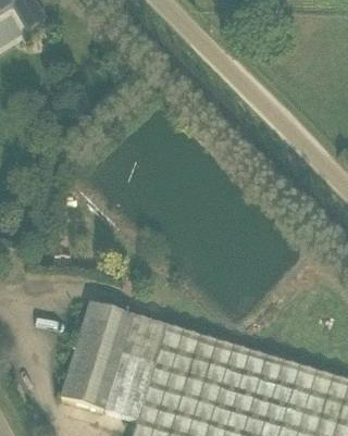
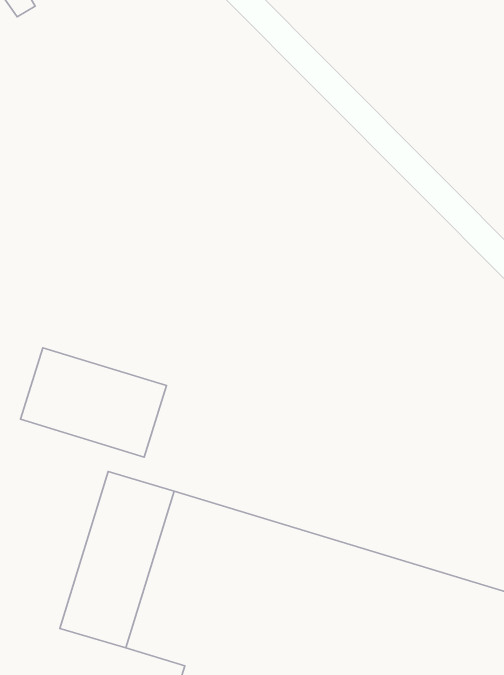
building: none -> [20,348,166,457]

